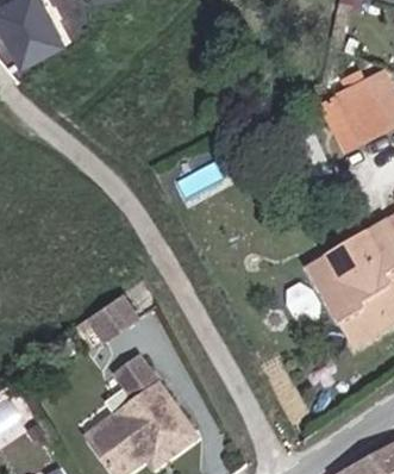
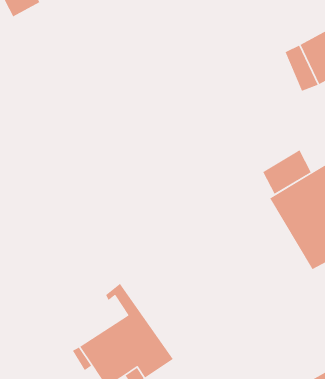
building: none -> [262,149,312,195]
building: [83,291,139,343] -> none

